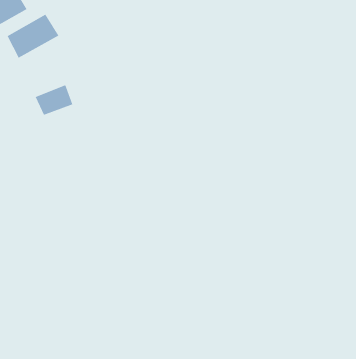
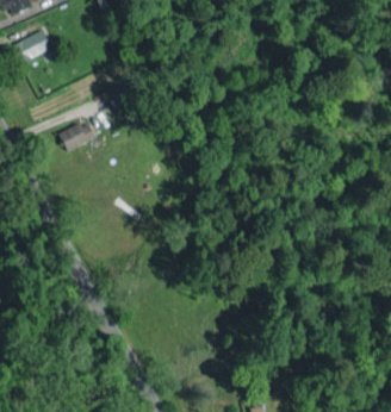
building: [7,14,59,59] -> none

